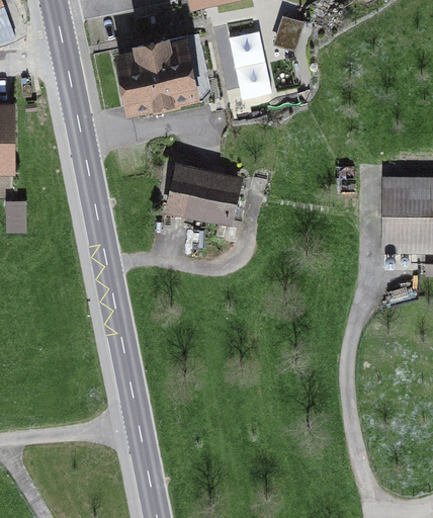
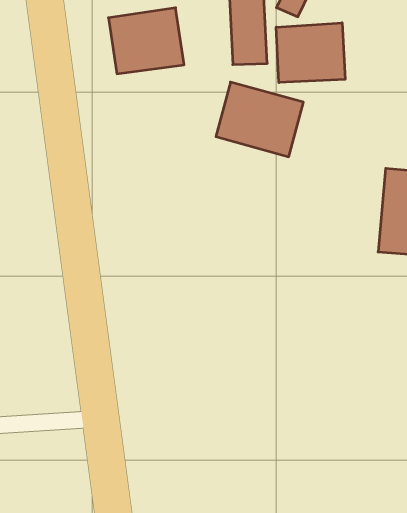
building: none -> [276,23,345,83]
building: [166,165,244,230] -> [216,82,303,157]

